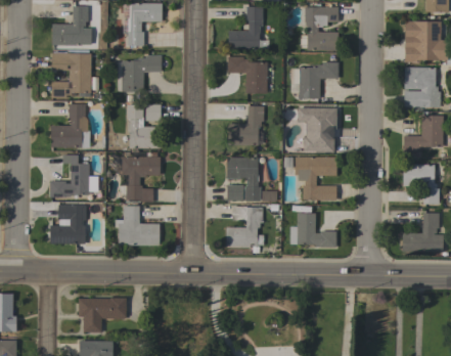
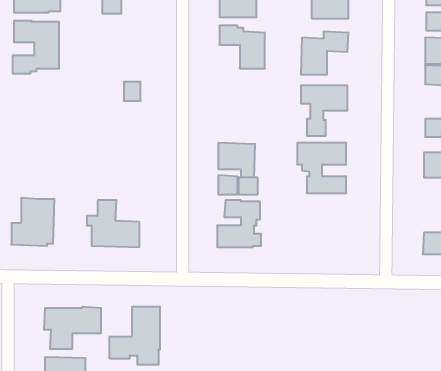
building: [118,55,162,91] -> none
building: [51,103,90,147] -> none
building: [127,104,161,148] -> none
building: [227,105,264,145] -> none
building: [50,154,97,197] -> none
building: [122,157,161,202] -> none
building: [290,213,336,248] -> none
building: none -> [110,307,160,365]

